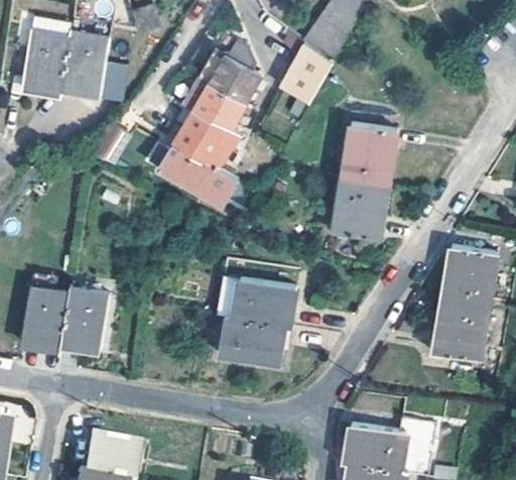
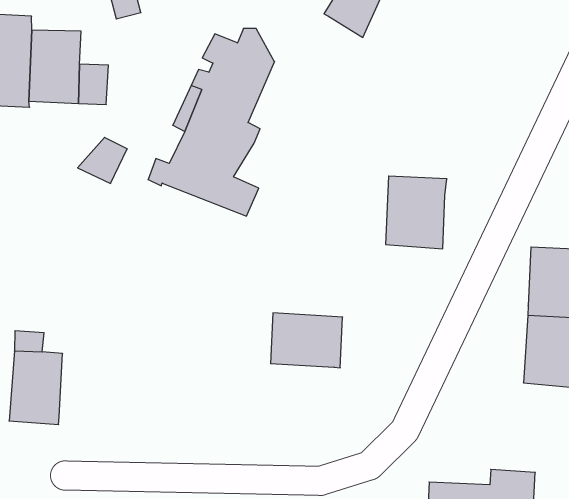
building: [280,45,333,106] -> none
building: [342,125,397,186] -> none
building: [58,288,107,351] -> none
building: [219,318,282,366] -> none

